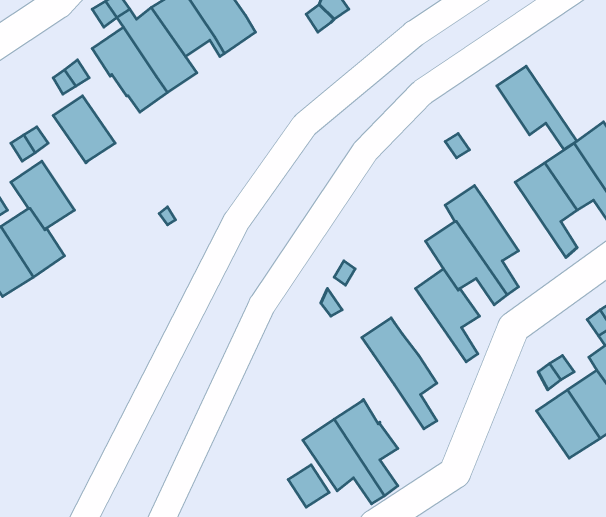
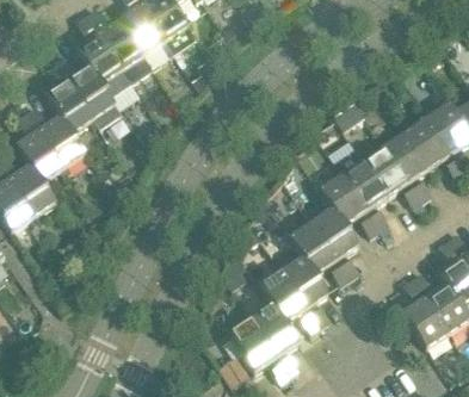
building: [497,66,577,149] -> [364,144,422,205]
building: none -> [69,66,122,125]
building: none -> [39,114,86,165]
building: none -> [290,222,350,283]
building: none -> [260,269,319,330]

